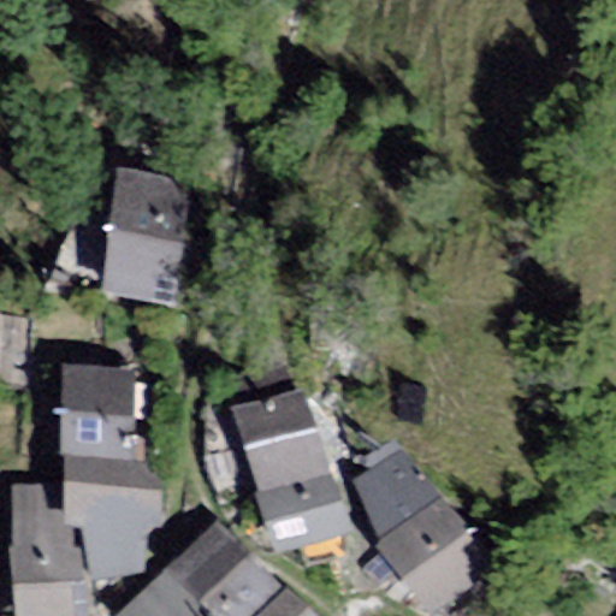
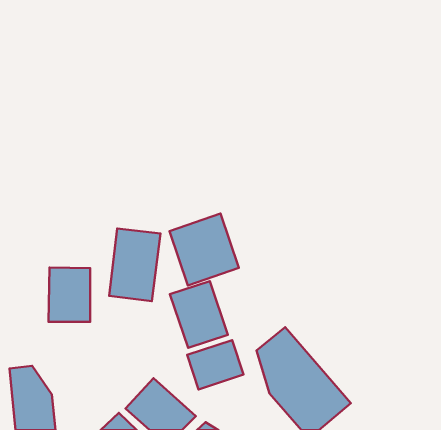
building: [102,191,173,292] -> [109,228,160,301]
building: none -> [170,213,239,286]
building: [65,456,154,559] -> none

